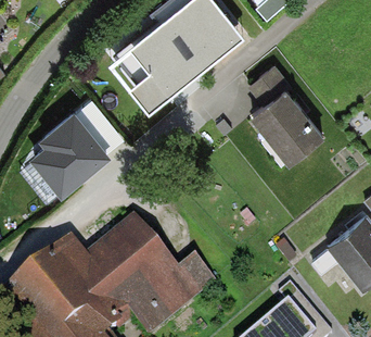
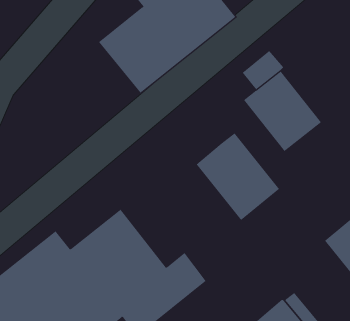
building: [29,109,110,192] -> none
building: none -> [196,133,280,221]

